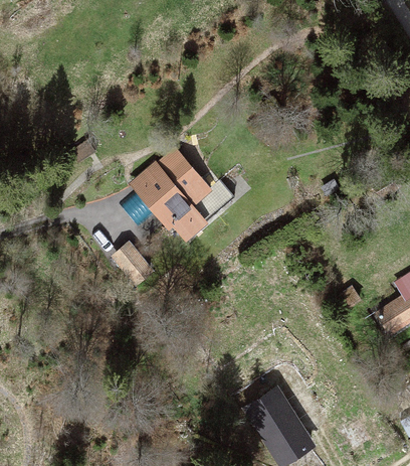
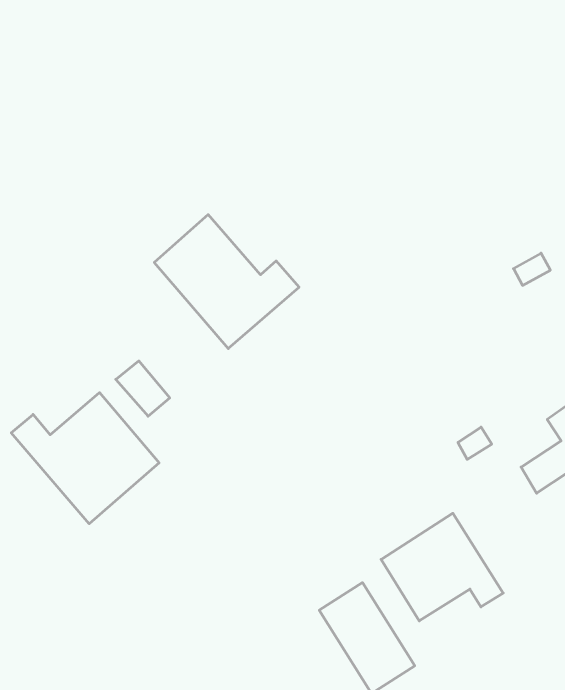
building: none -> [11,393,159,524]
building: none -> [381,513,503,621]

